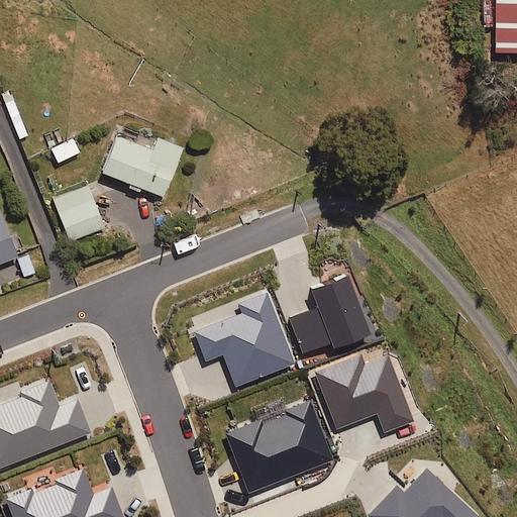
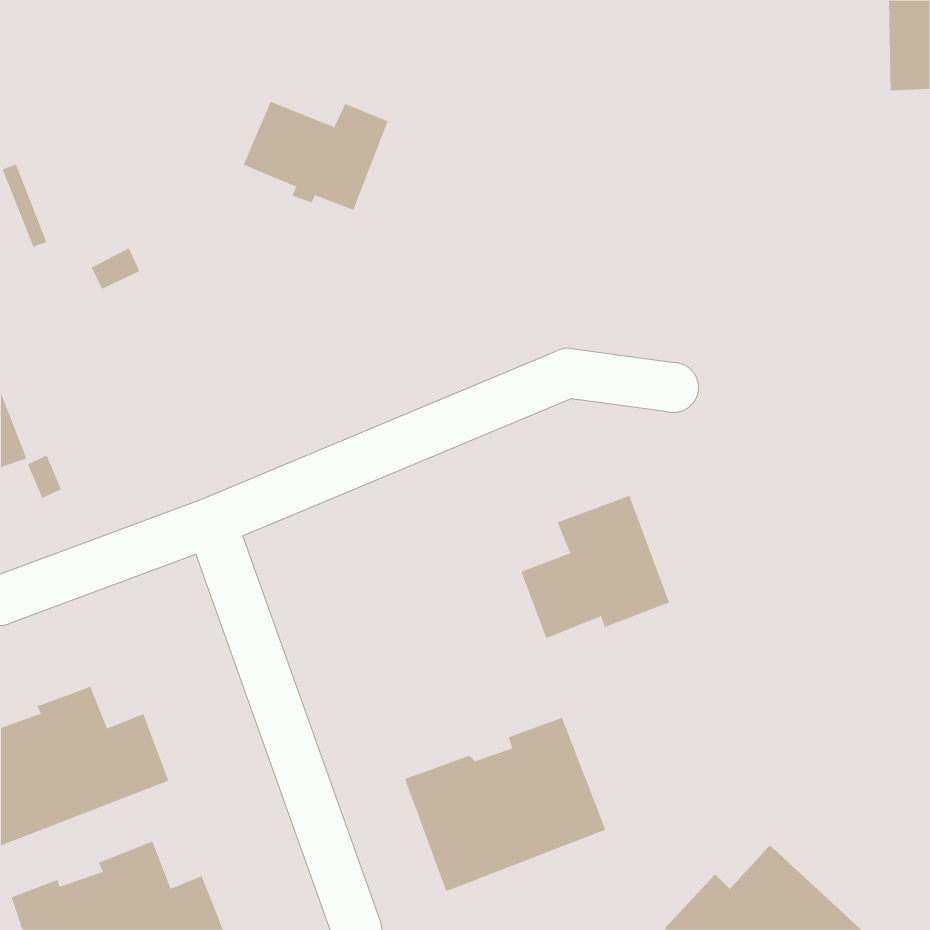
building: [99,133,180,194] -> [243,101,388,210]
building: [53,184,102,239] -> none
building: [195,291,295,385] -> none
building: [315,354,413,432] -> none

